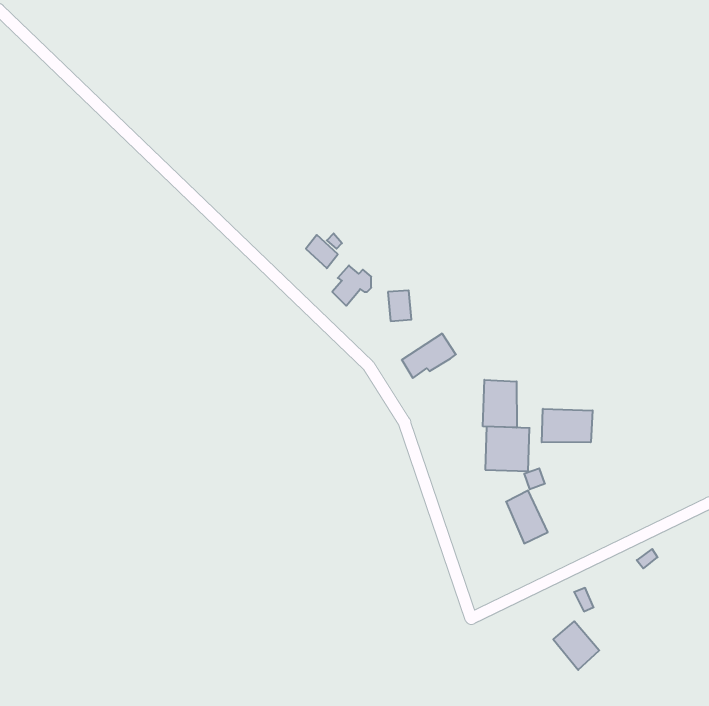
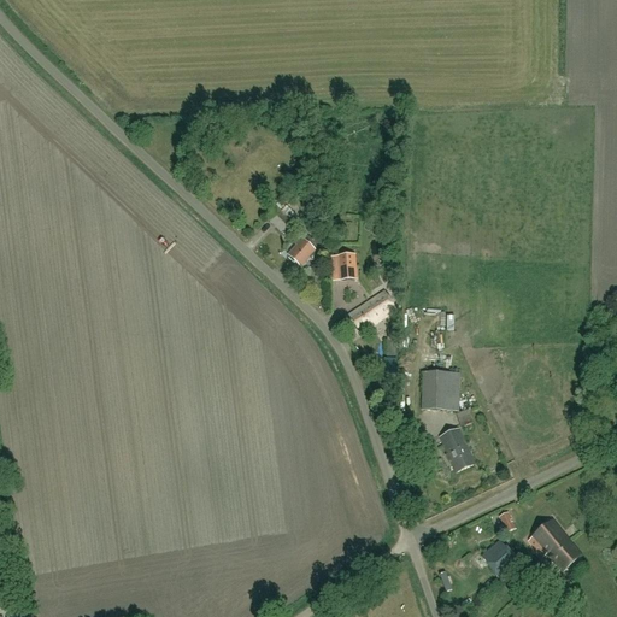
building: [483,380,517,428] -> none
building: [542,409,593,442] -> none
building: none -> [525,517,581,571]

